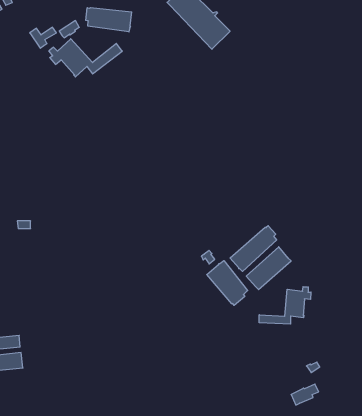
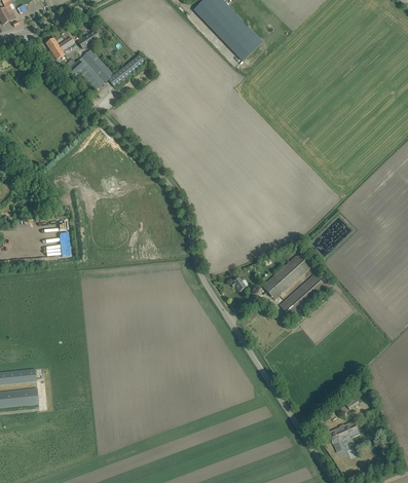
building: [86,8,132,32] -> none
building: [207,261,248,305] -> none
building: [259,287,311,324] -> none

